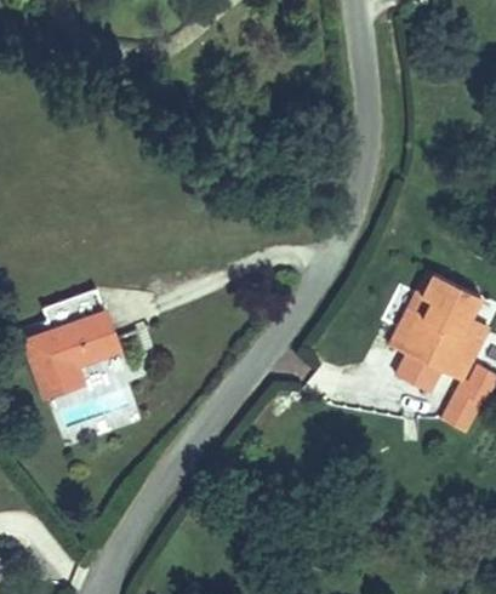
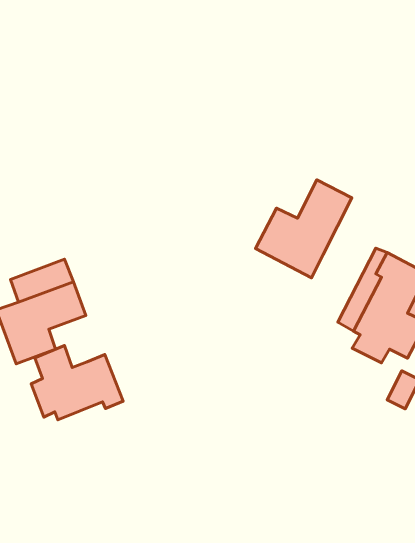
building: none -> [256,180,352,278]
building: none -> [31,346,123,420]

